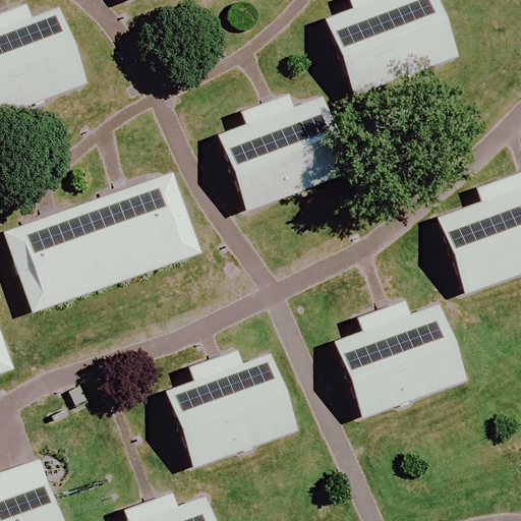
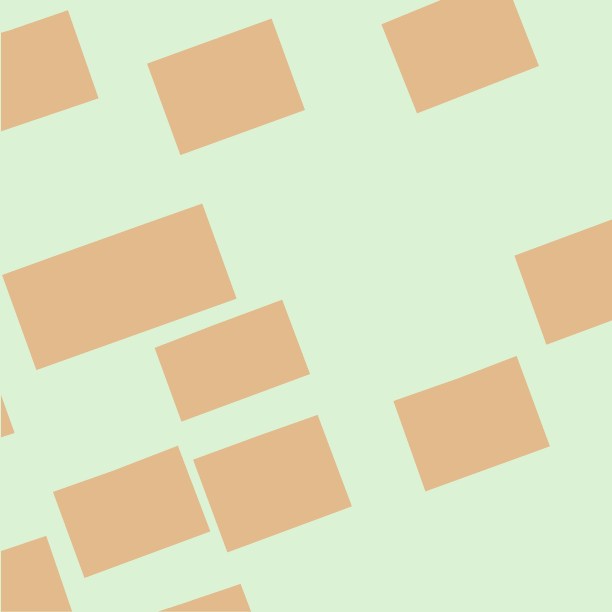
building: [216,95,351,212] -> [146,18,306,156]
building: none -> [154,299,311,423]
building: none -> [52,445,211,579]

